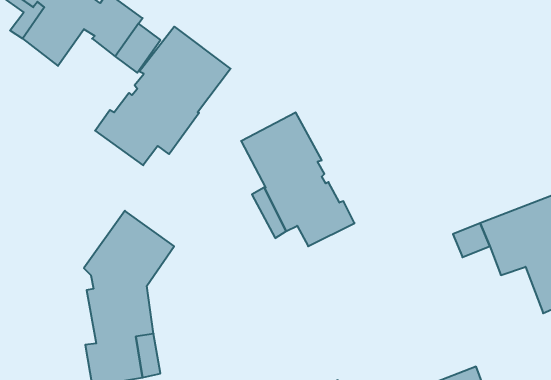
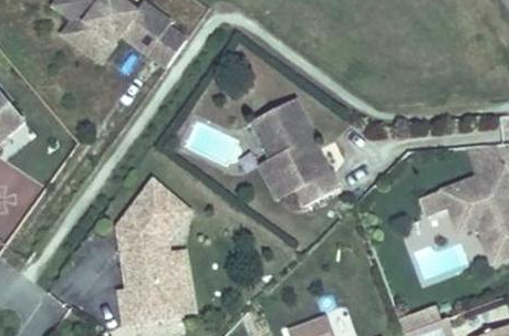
building: [95,27,231,165] -> none

